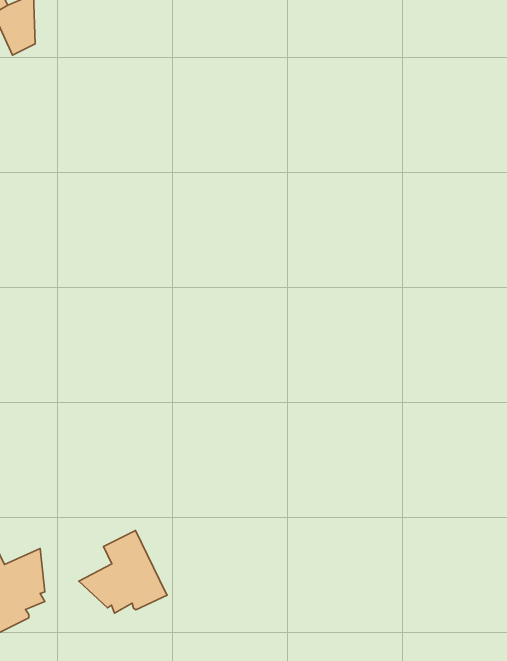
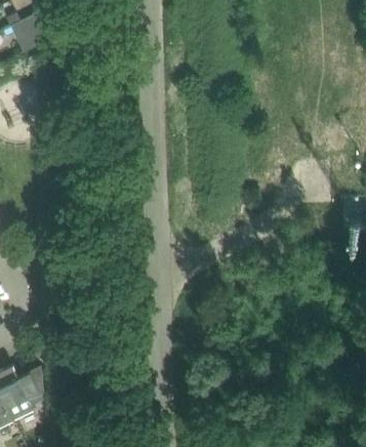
building: [79,531,167,613] -> none

